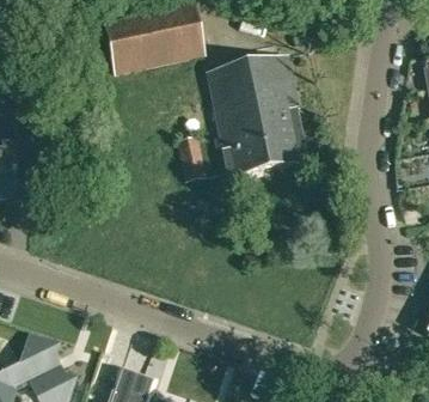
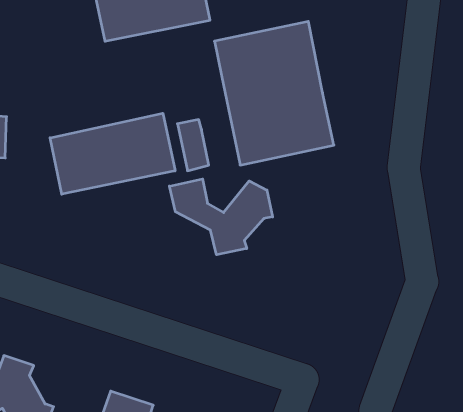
building: none -> [50,113,175,194]
building: none -> [169,179,273,255]

